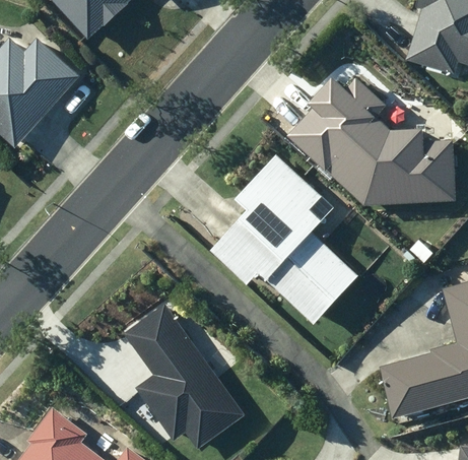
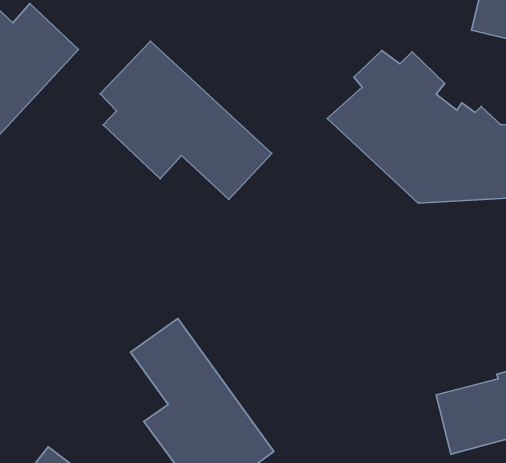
building: none -> [100,41,272,199]
building: [211,154,360,324] -> none

